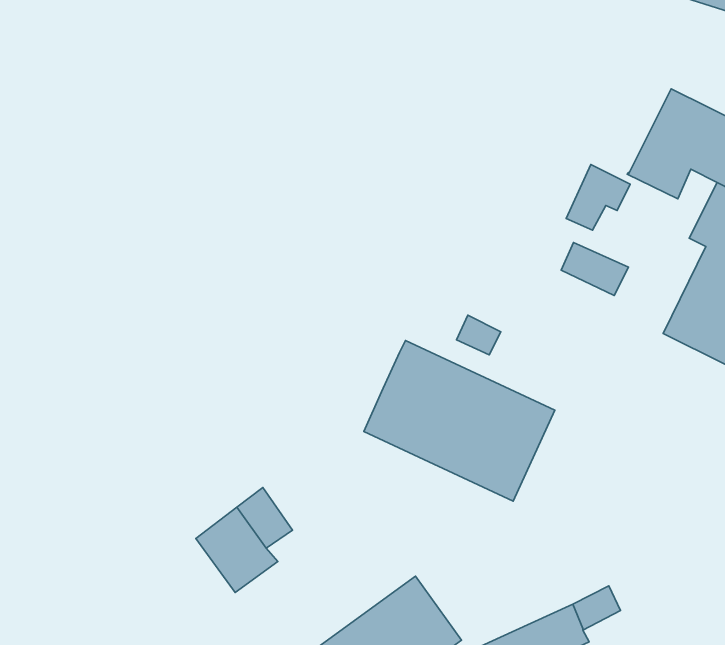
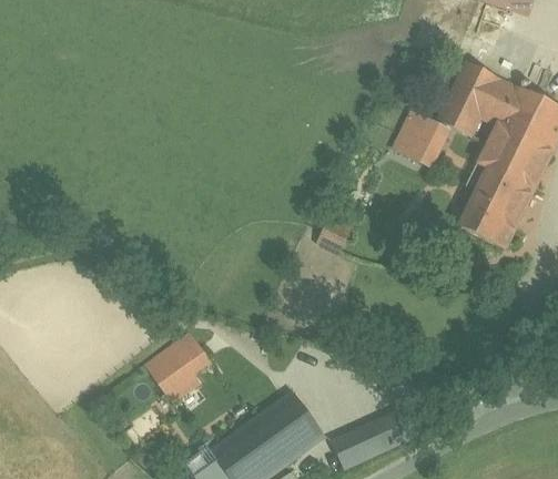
building: [561,242,628,295] -> none
building: [364,341,555,501] -> none

